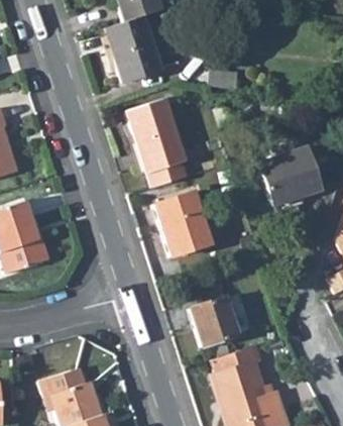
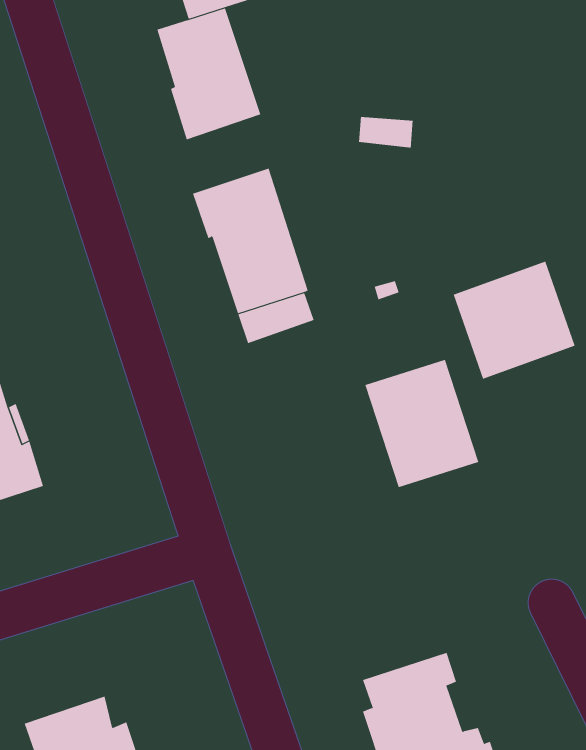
building: [153,191,212,256] -> [365,359,479,488]
building: [190,297,238,347] -> none

